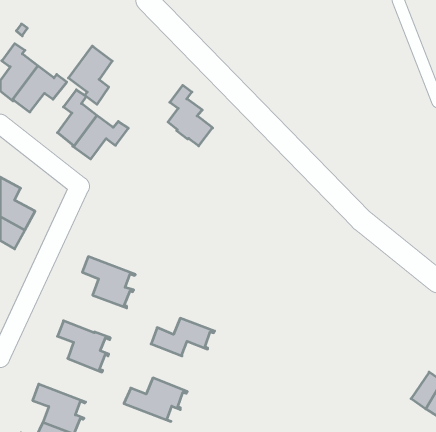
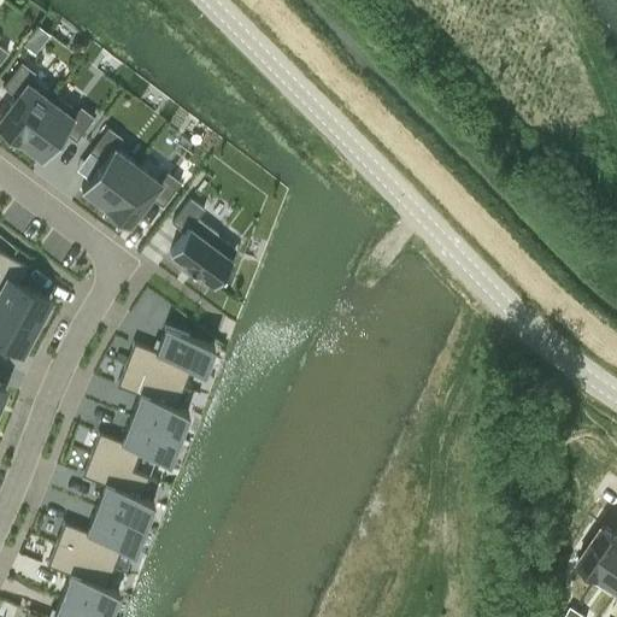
building: [68,46,112,104] -> none
building: [168,85,213,146] -> [172,205,235,290]
building: none -> [127,331,216,394]
building: [151,318,215,356] -> [92,423,181,476]
building: [124,378,187,421] -> [57,512,146,574]

